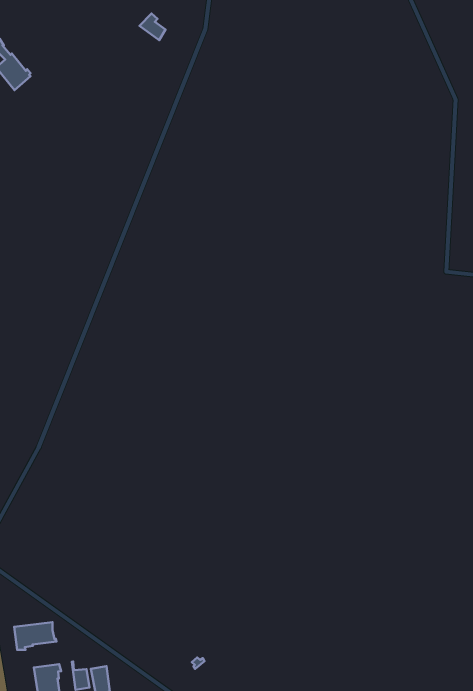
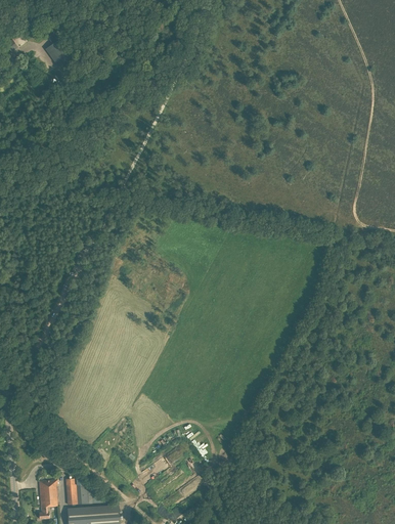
building: [14,622,57,650] -> none

